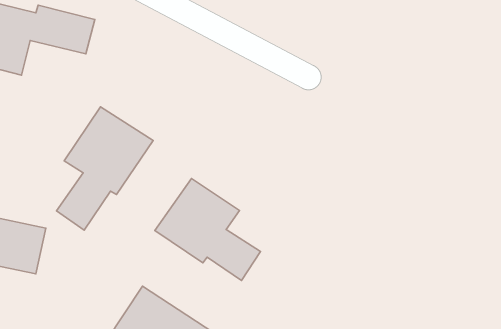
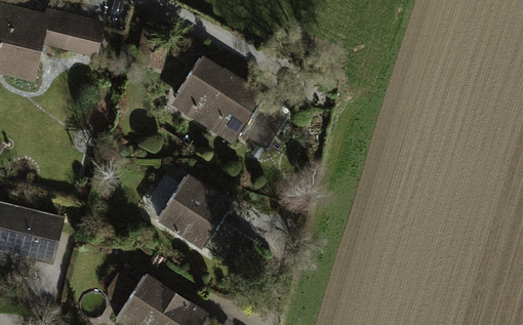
building: none -> [168,52,284,147]
building: [57,107,153,230] -> none

